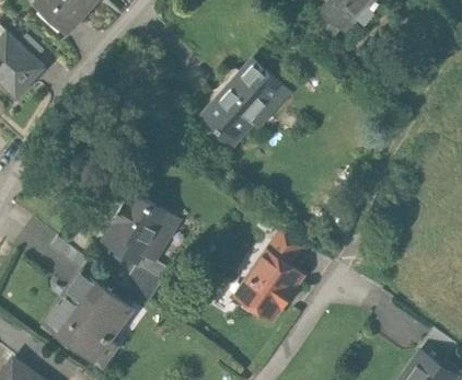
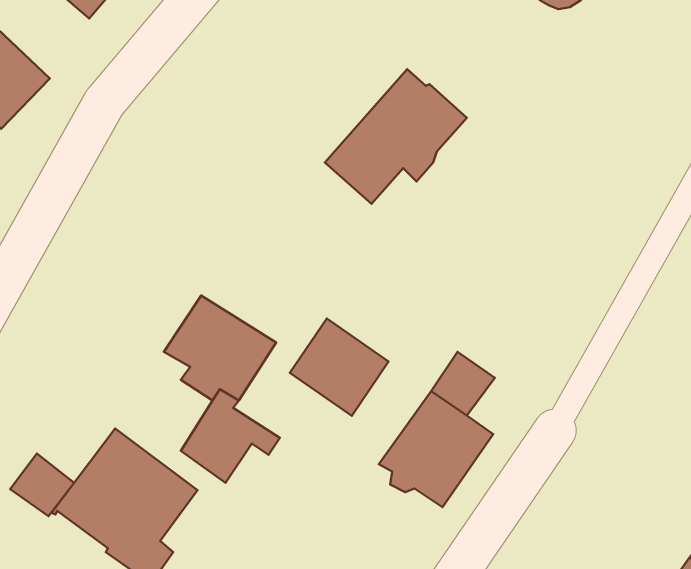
building: none -> [290,319,389,416]
building: none -> [10,453,74,516]

